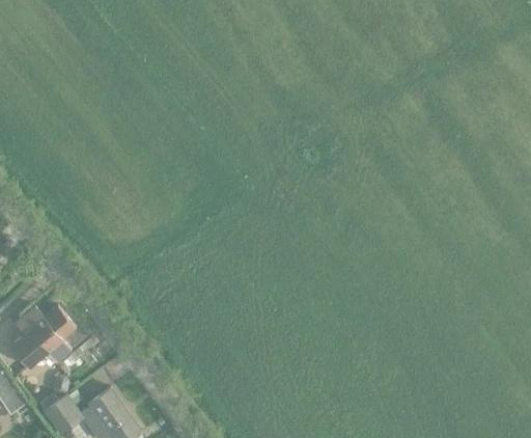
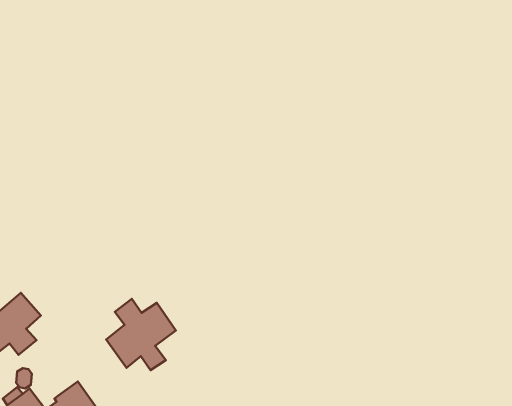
building: none -> [106,299,176,370]

